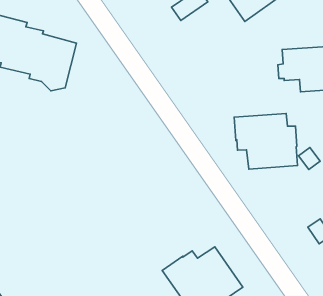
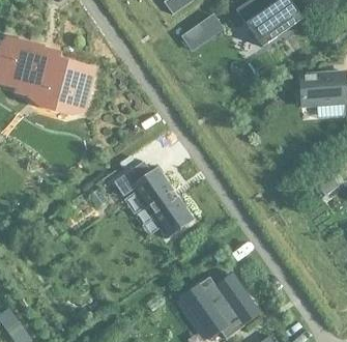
building: [234,114,298,169] -> none
building: none -> [112,160,193,237]

